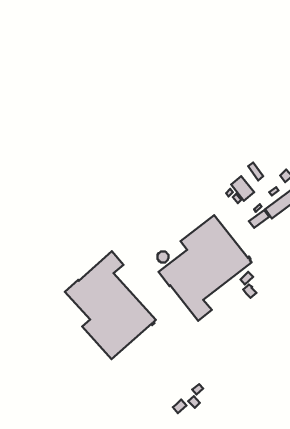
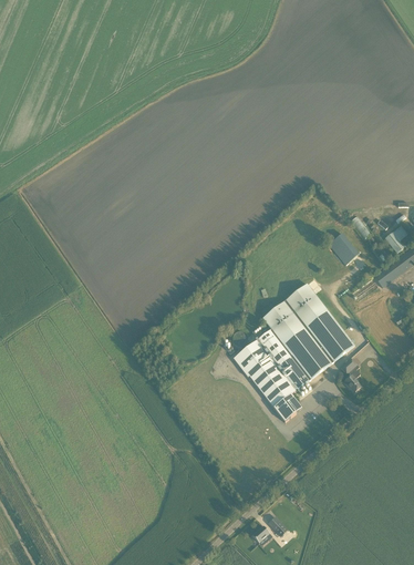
building: [65,251,156,359] -> none

